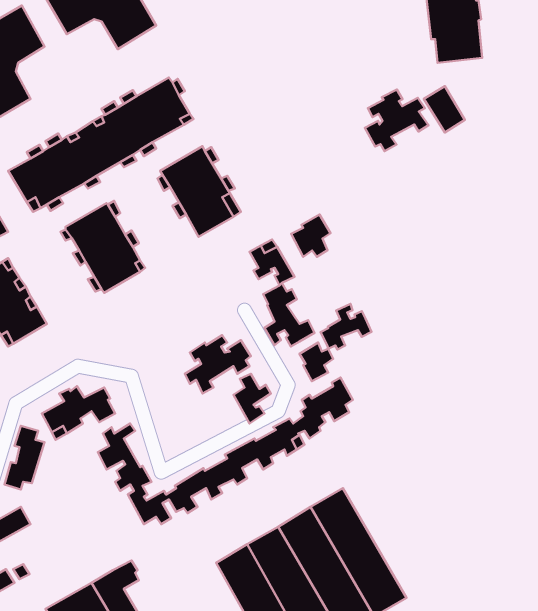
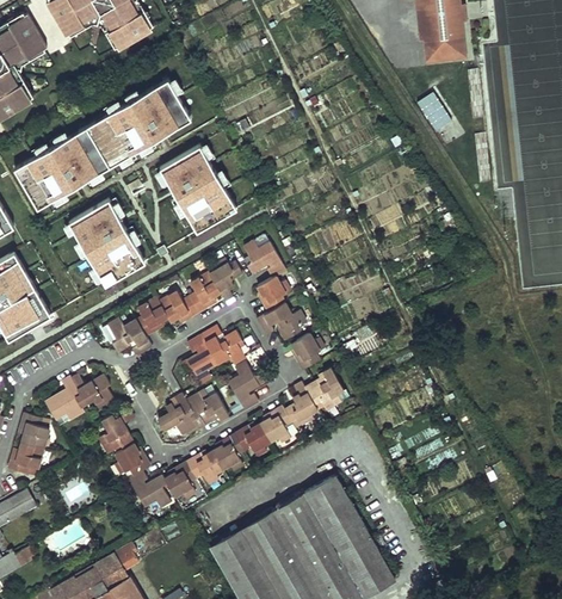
building: [365,90,429,151] -> none
building: [291,214,331,257] -> none
building: none -> [107,260,242,358]
building: [321,304,371,350] -> none
building: none -> [158,390,228,436]

